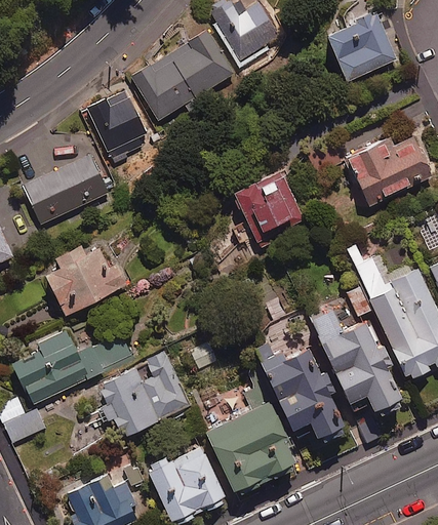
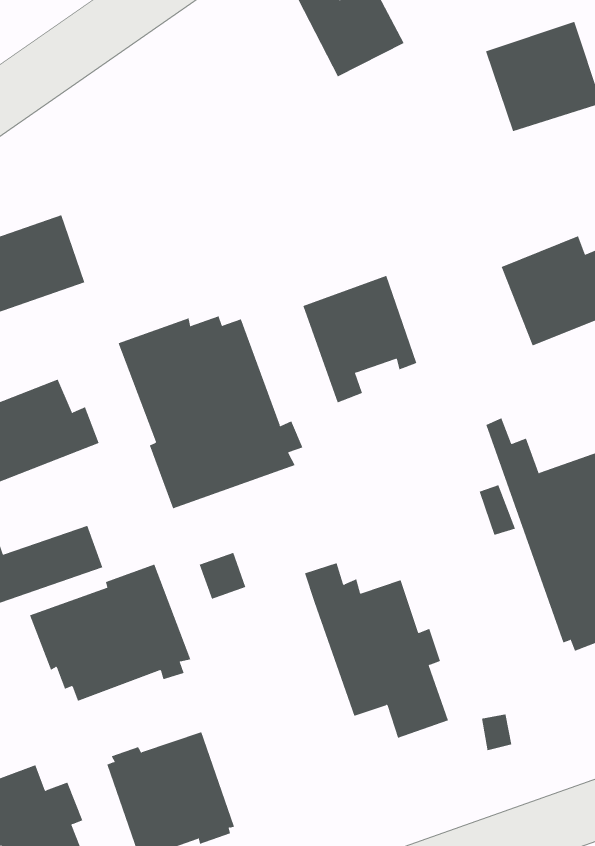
building: [131,31,234,119] -> none
building: [88,94,148,163] -> none
building: none -> [118,316,303,509]
building: [306,299,399,411] -> none
building: [207,365,293,496] -> none

